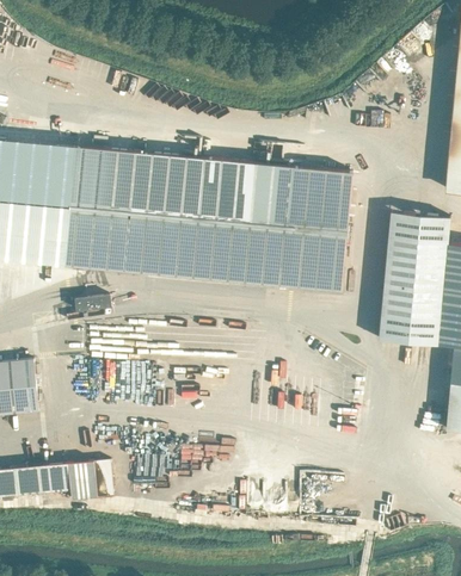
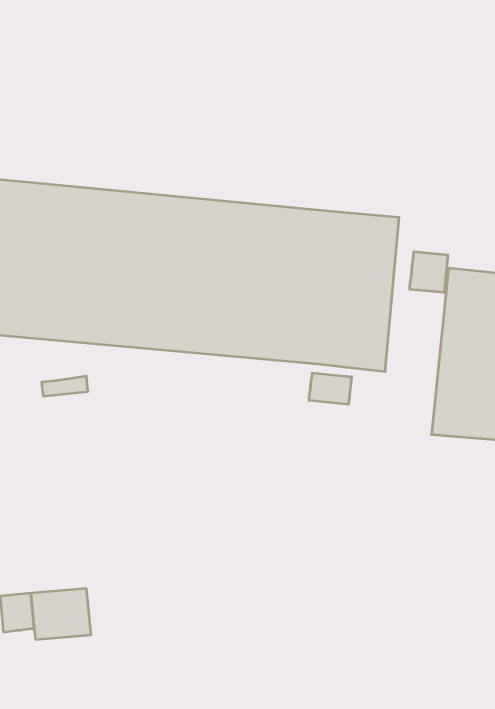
building: none -> [410,252,448,293]
building: none -> [309,373,352,404]

